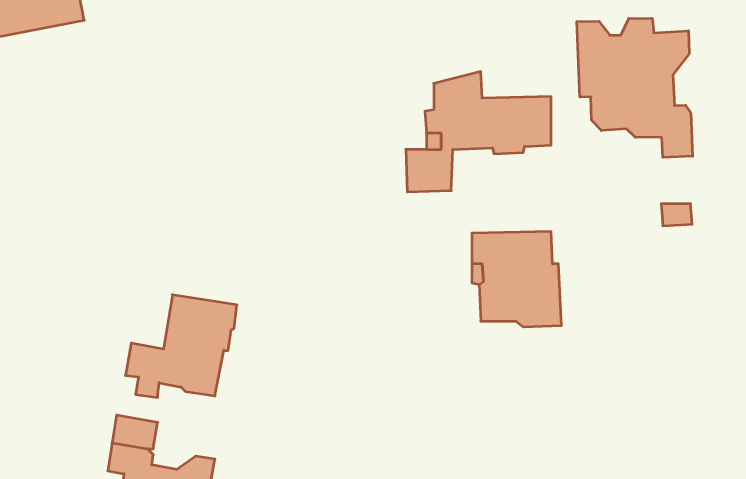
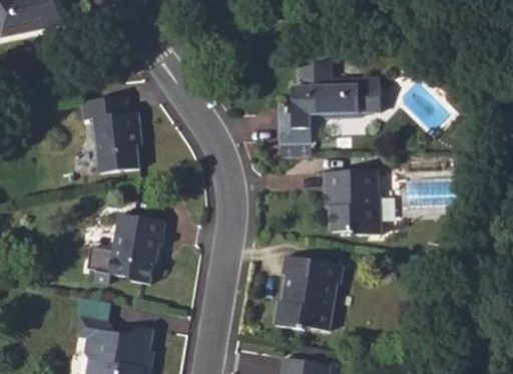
building: [577,18,693,157] -> none
building: none -> [81,99,141,171]
building: none -> [275,257,343,330]

